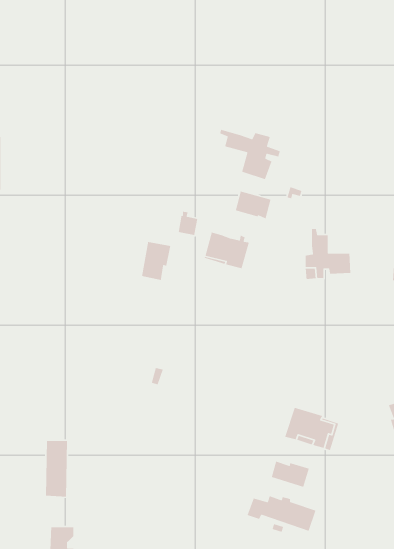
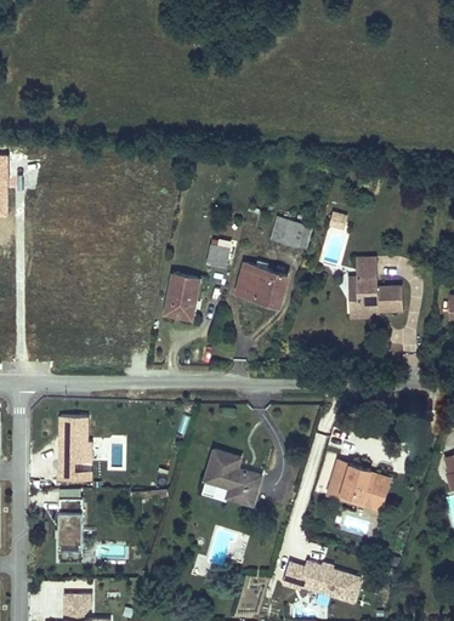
building: [219,129,281,180] -> none
building: none -> [58,415,91,483]
building: none -> [205,449,261,503]
building: [271,460,310,488] -> none

